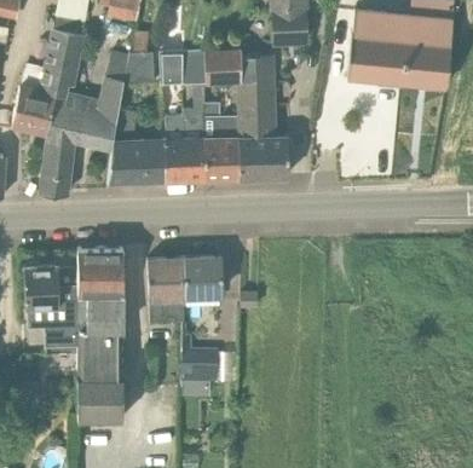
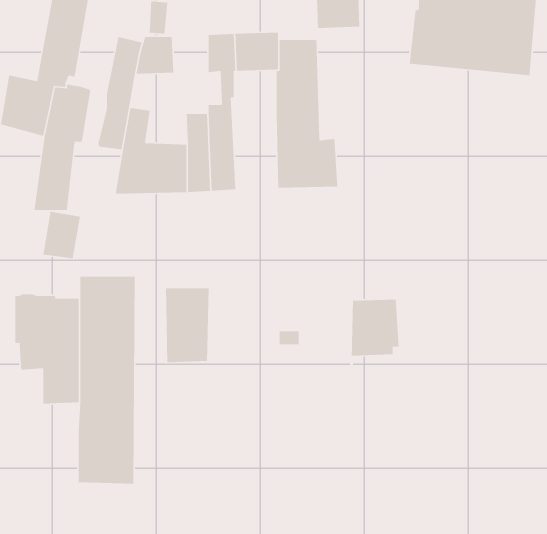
building: [160,37,185,83] -> none
building: [202,104,240,179] -> none
building: none -> [42,211,81,259]
building: [183,258,223,319] -> [351,299,399,374]
building: [181,352,219,381] -> none

